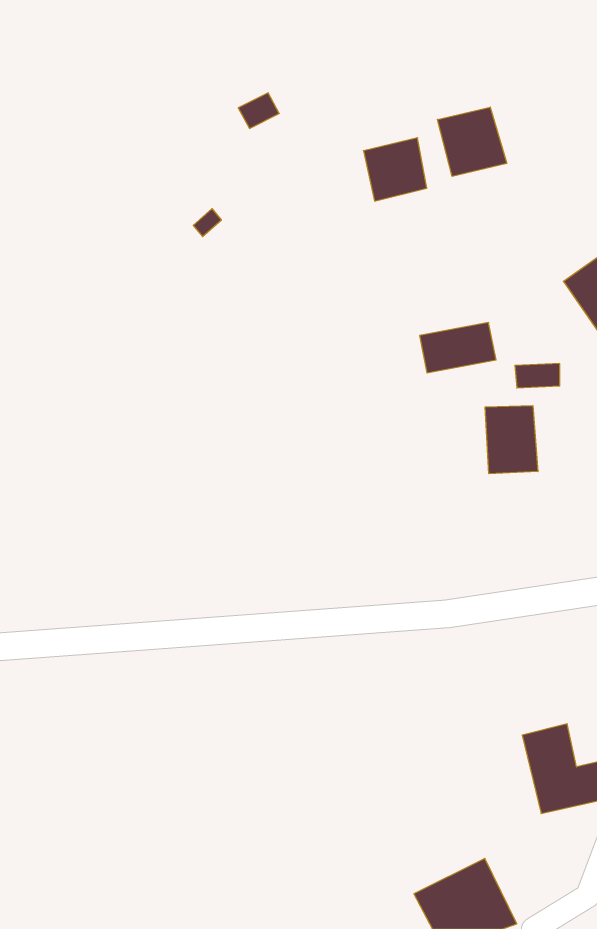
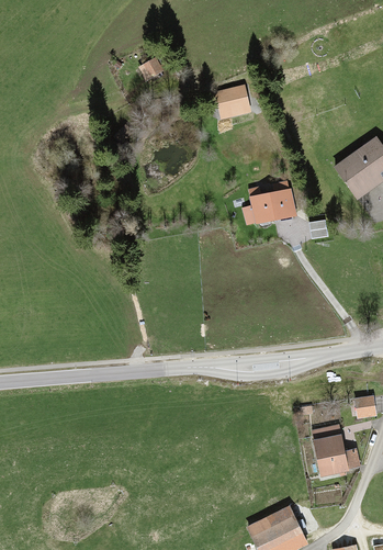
building: [437,107,507,176] -> none
building: [485,406,538,474] -> none

